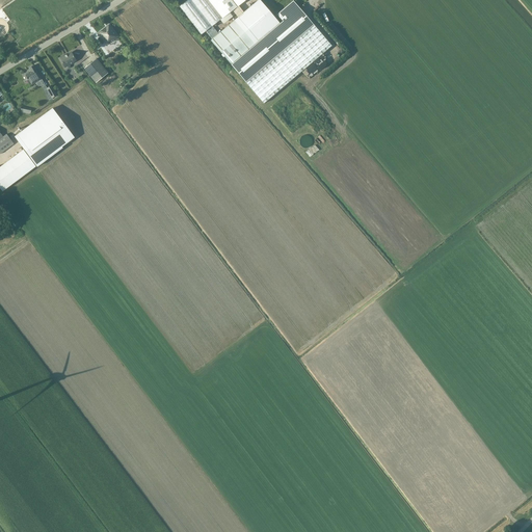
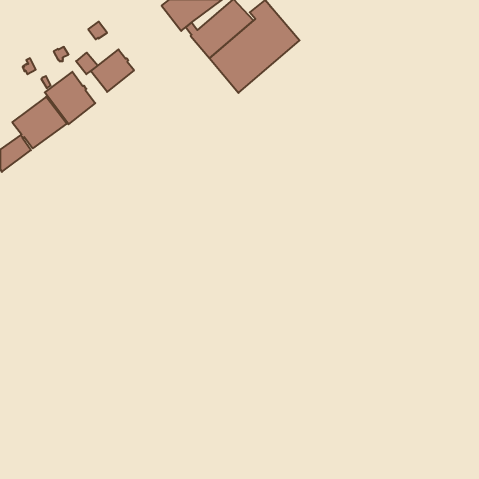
building: none -> [91,49,134,92]
building: none -> [45,72,95,124]

